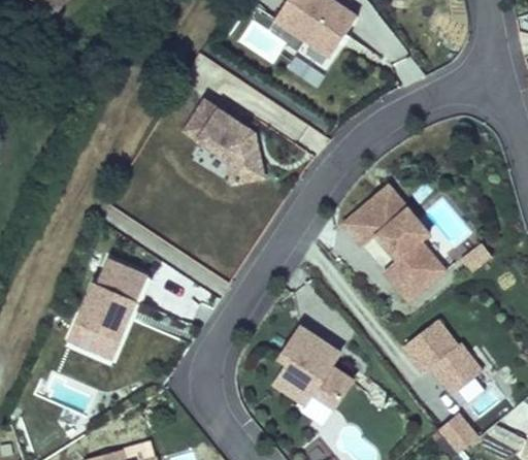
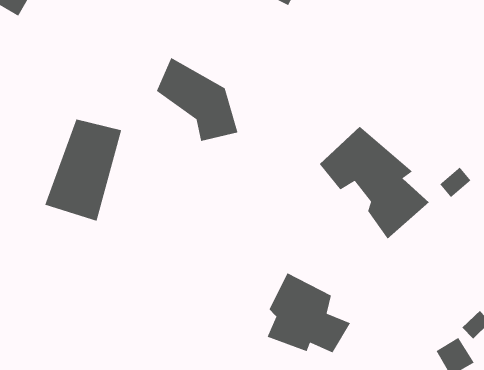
building: [65,257,152,363] -> [44,118,122,222]
building: [400,321,484,395] -> none

